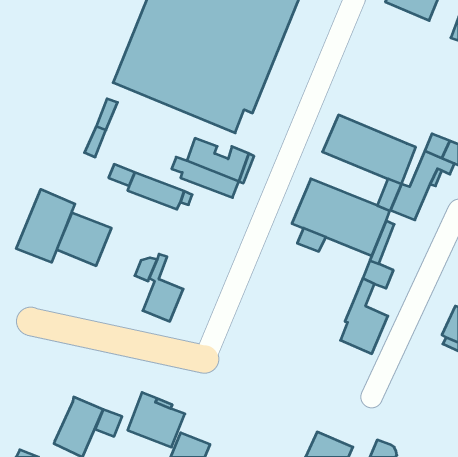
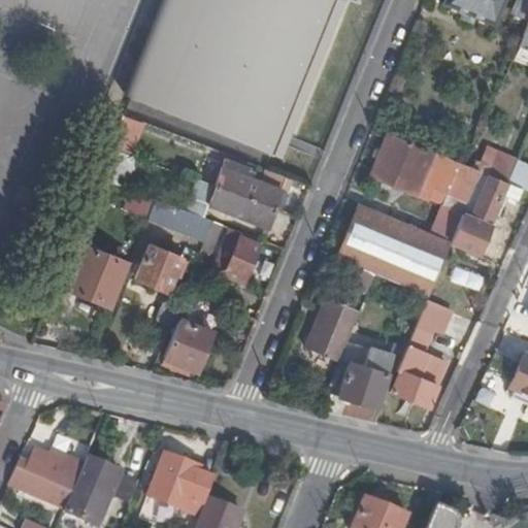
building: [16,189,75,262] -> none
building: none -> [218,235,259,280]
building: none -> [135,243,183,291]
building: none -> [305,296,359,359]
building: none -> [323,343,406,421]
building: none -> [9,448,85,506]

